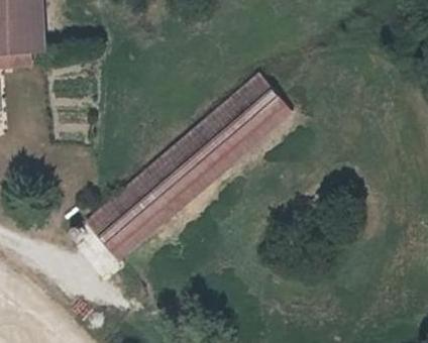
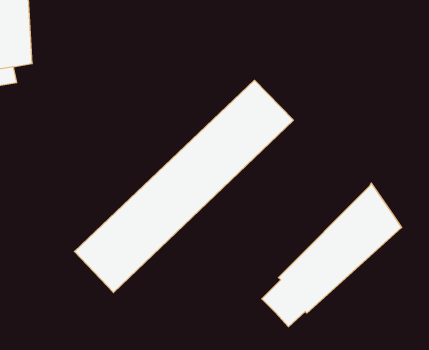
building: none -> [262,183,402,327]

